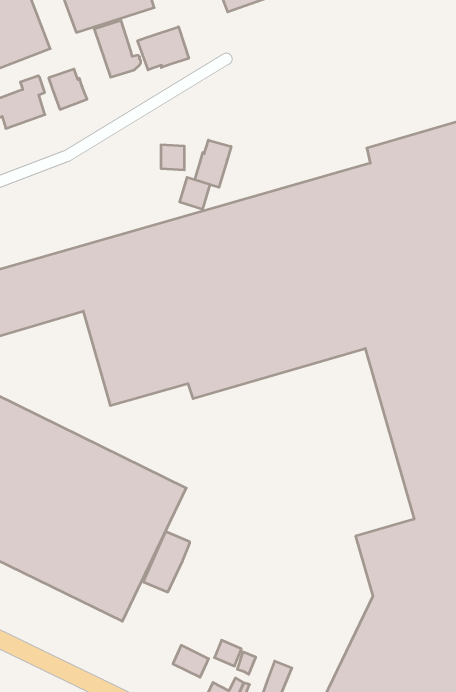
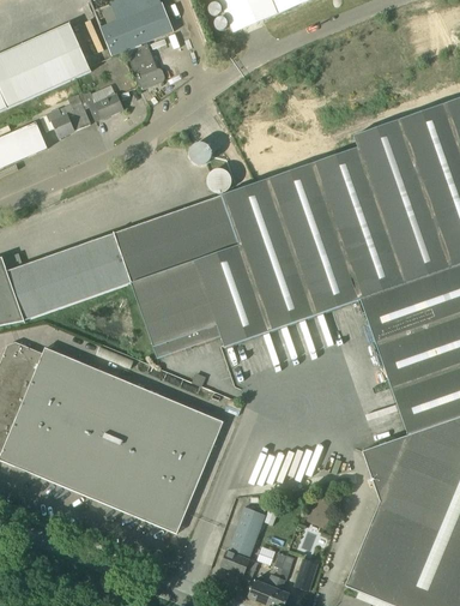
building: [138,27,189,70] -> none
building: [195,140,231,187] -> none
building: [143,532,190,592] -> [229,506,265,556]

